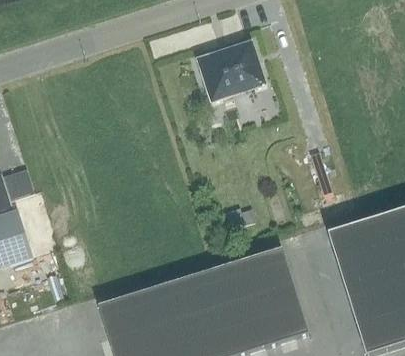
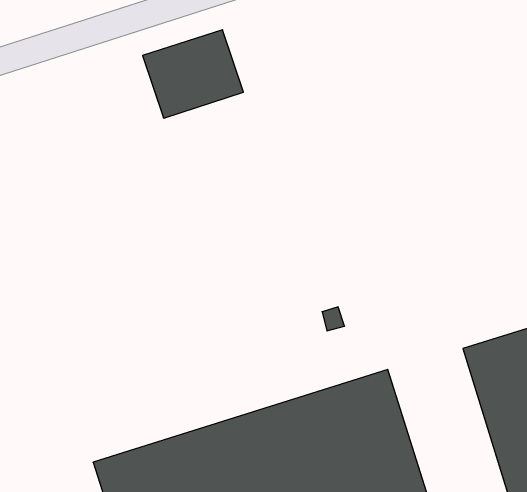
building: [200,43,263,98] -> [143,30,243,118]

